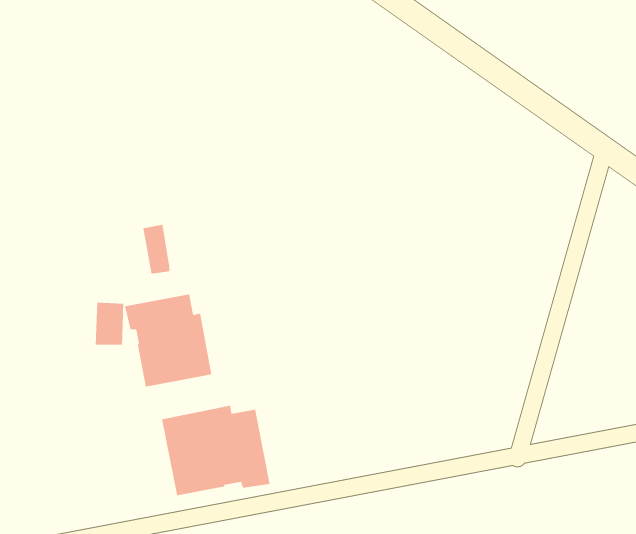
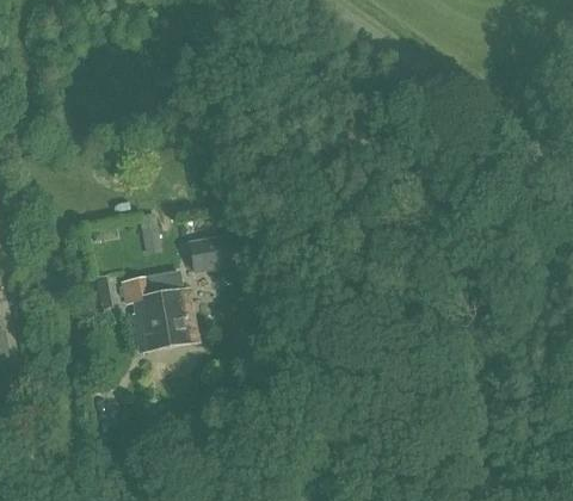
building: none -> [183,234,227,273]
building: [162,405,270,496] -> none

